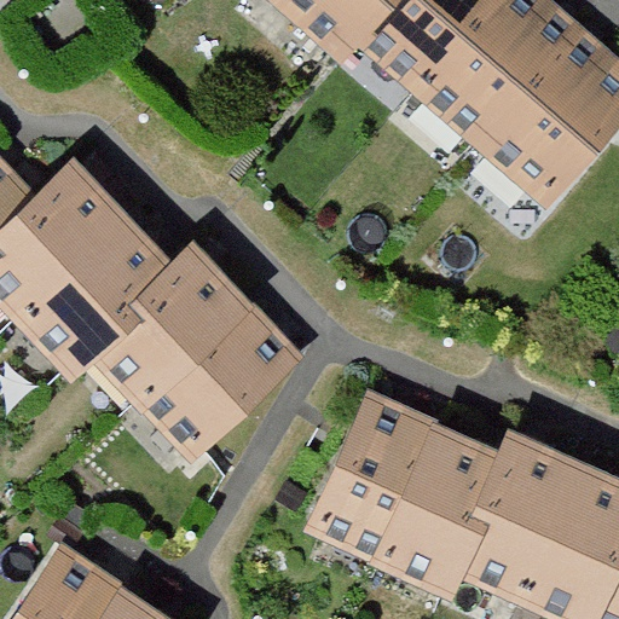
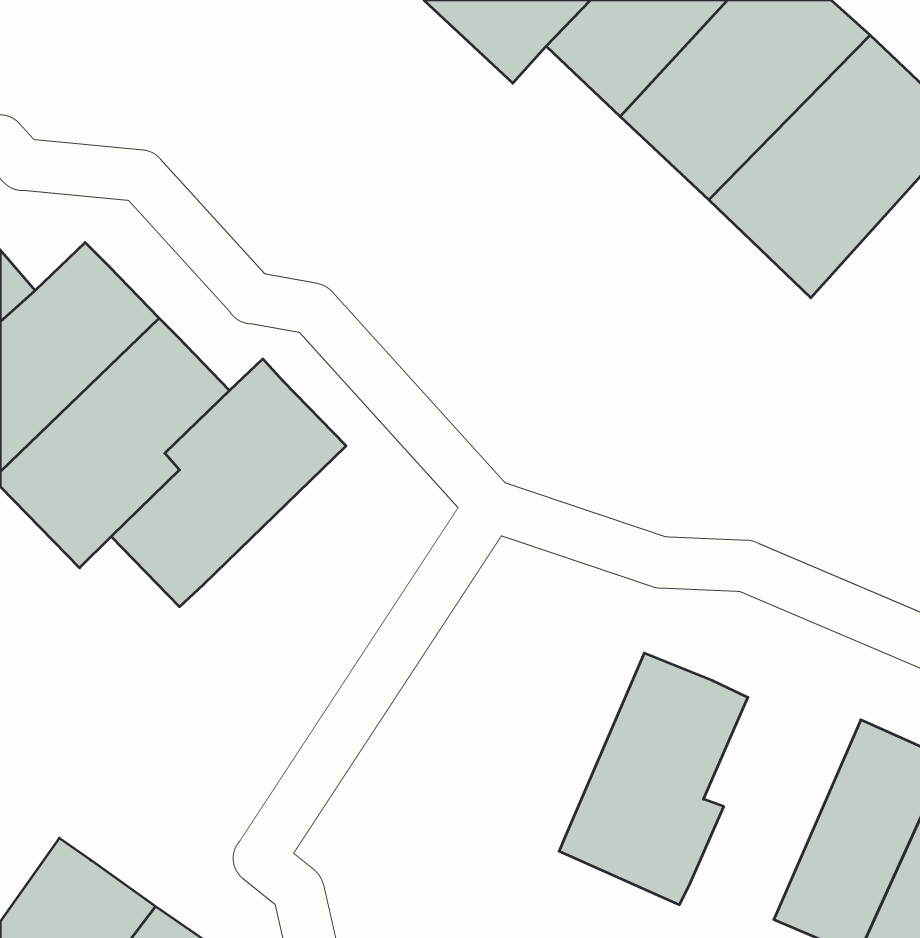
building: [150,296,293,439] -> none
building: [316,393,441,553] -> none
building: [468,446,579,606] -> none

